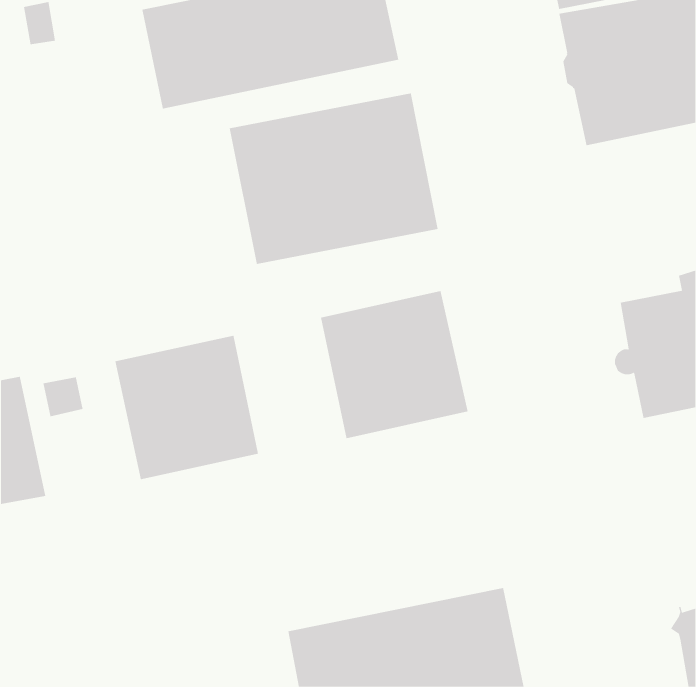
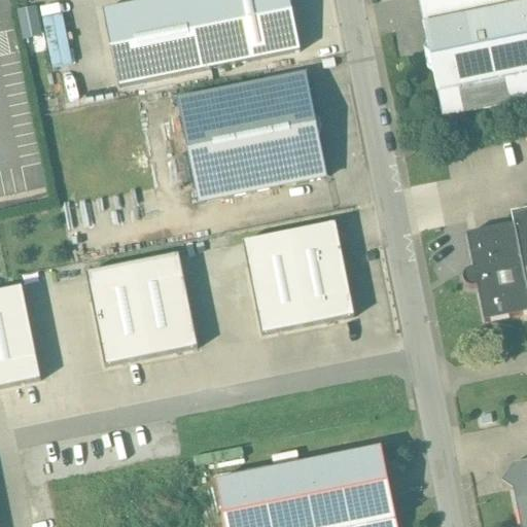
building: none -> [43,9,73,62]
building: [43,376,83,417] -> none

